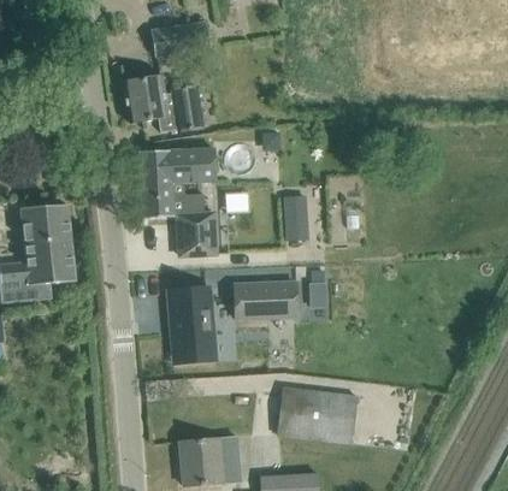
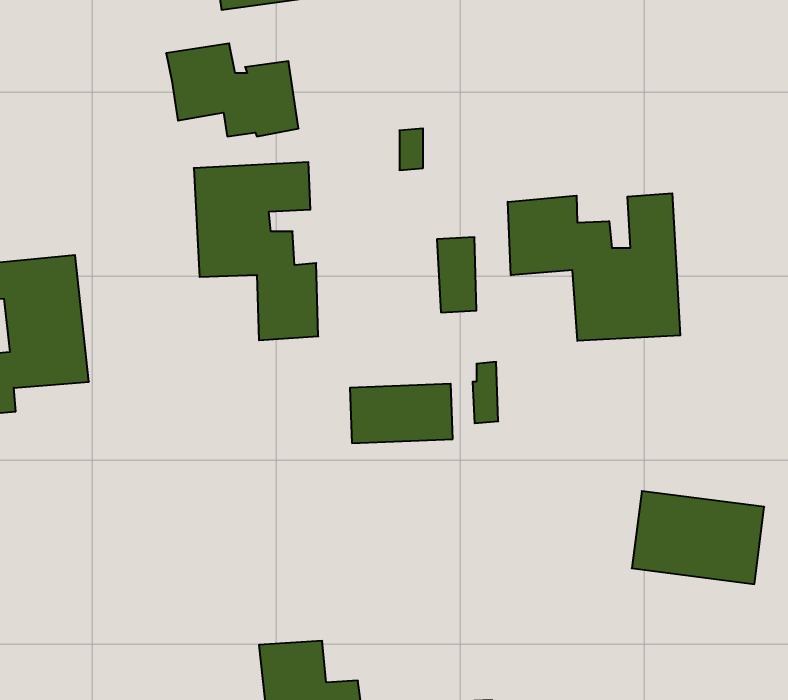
building: none -> [508,193,680,341]
building: [170,288,217,362] -> none
building: [277,386,358,443] -> [632,491,764,584]

